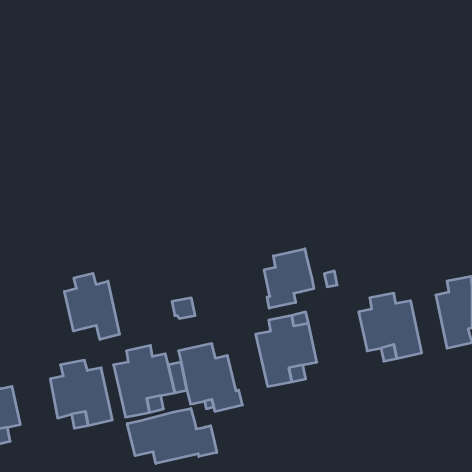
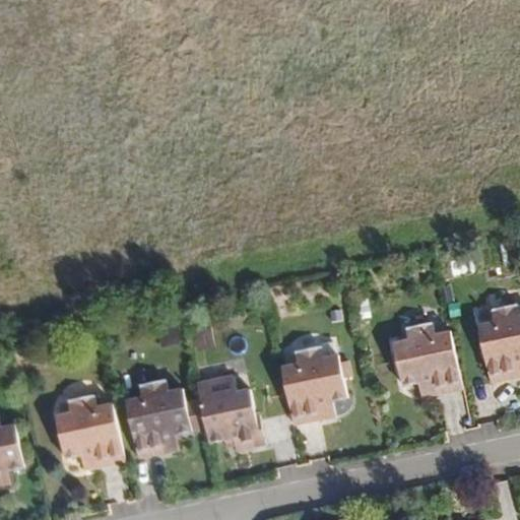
building: [264,249,314,308] -> none
building: [64,273,120,340] -> none
building: [127,408,217,464] -> none

